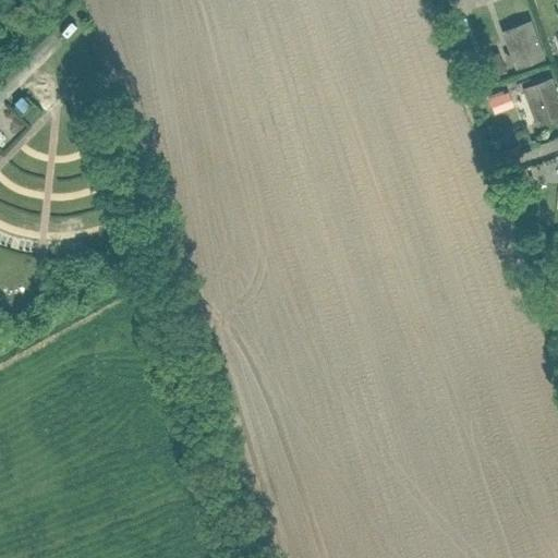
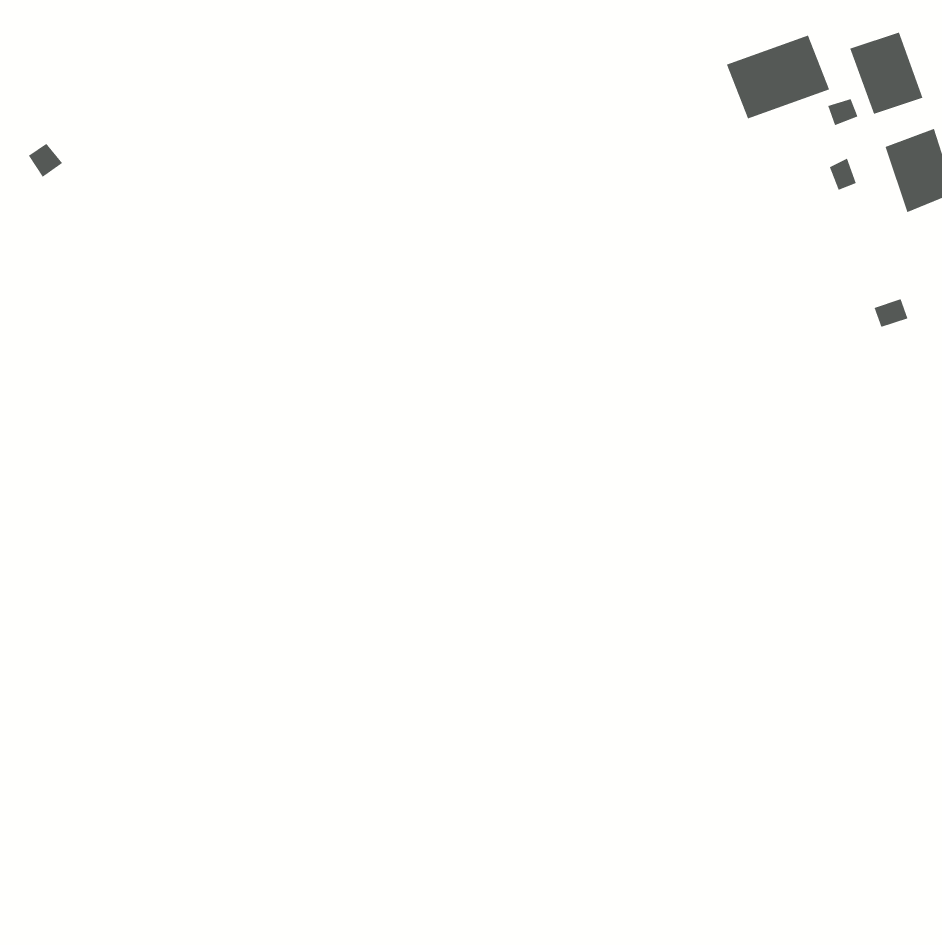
building: none -> [726,34,830,120]

